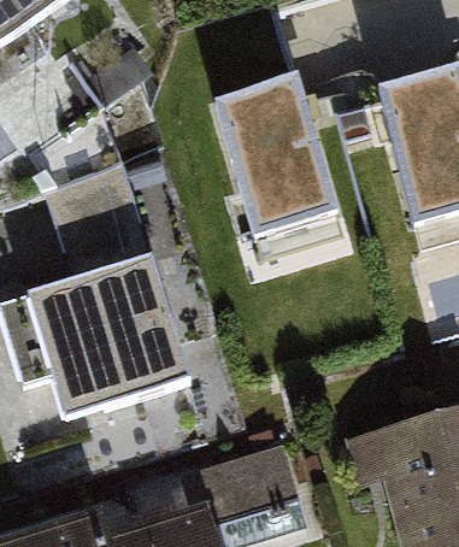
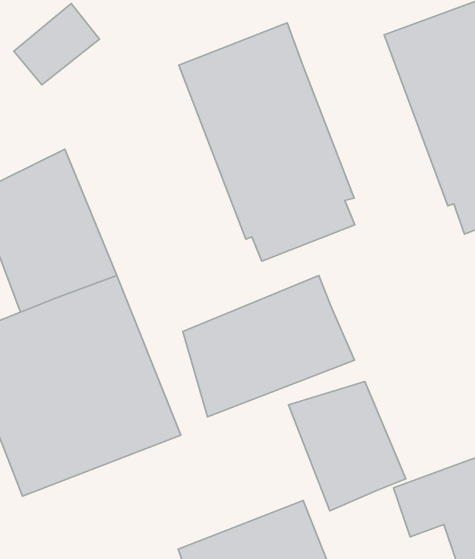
building: none -> [183,275,355,417]
building: none -> [289,381,406,511]

